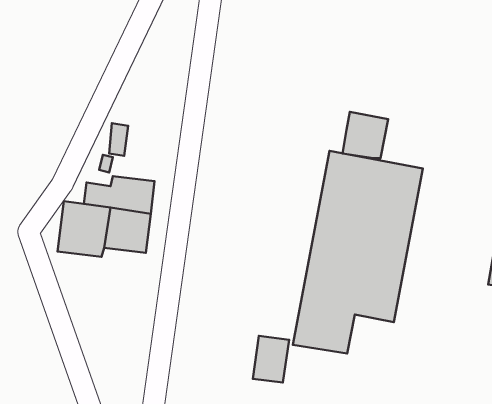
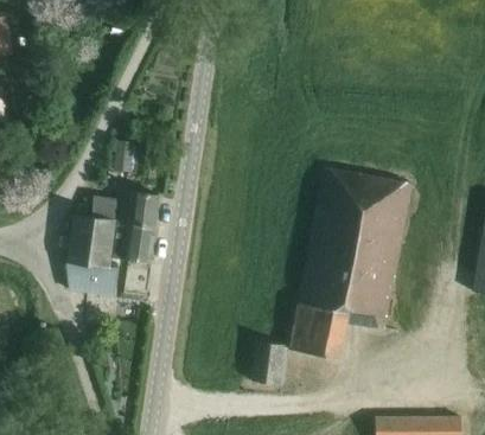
building: [342,112,388,158] -> none
building: none -> [66,262,117,292]

